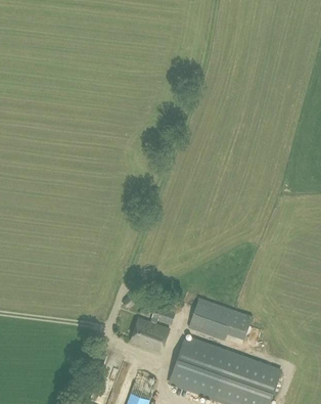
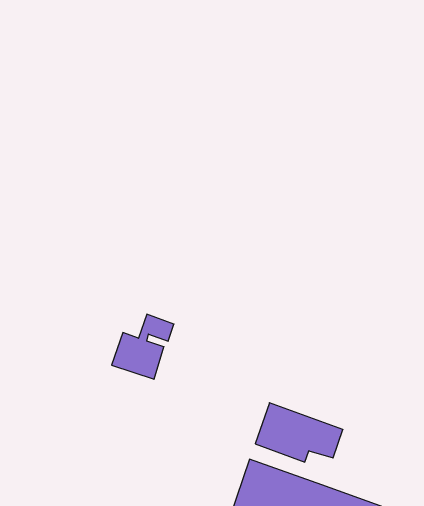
building: [130,305,175,352] -> [112,314,174,379]

